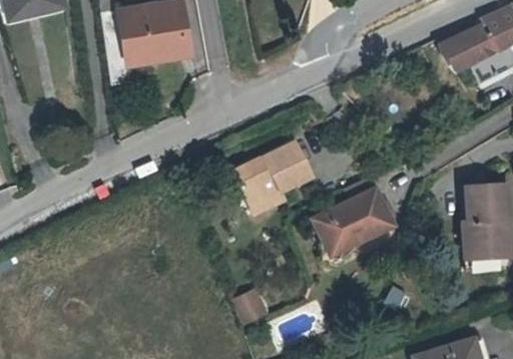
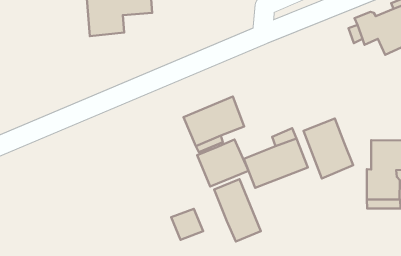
building: none -> [303,118,353,178]
building: none -> [197,139,249,187]
building: none -> [214,179,261,241]

